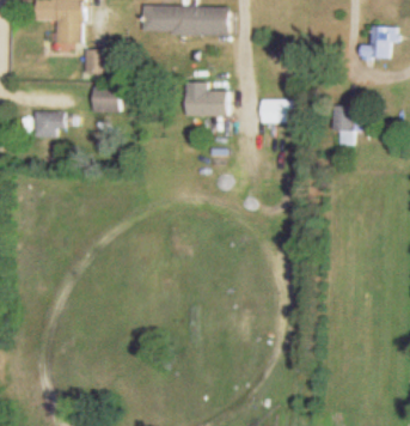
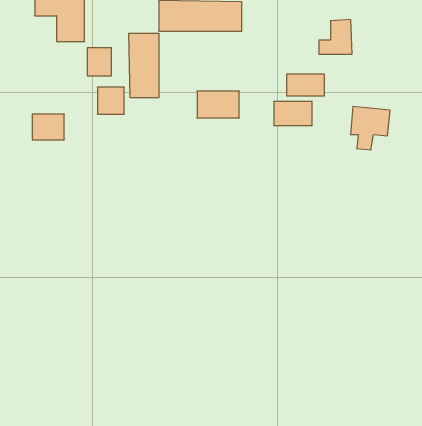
building: [359,25,390,57] -> [319,20,352,54]
building: none -> [129,33,159,98]
building: none -> [287,74,324,96]

